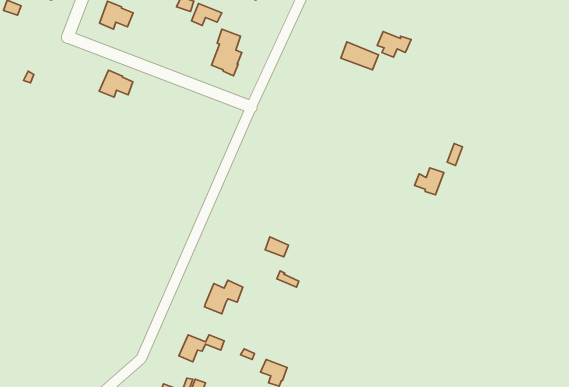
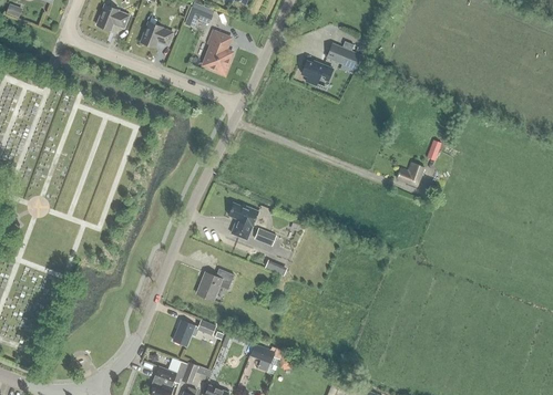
building: [377,31,411,57] -> [300,60,332,84]
building: [99,70,133,97] -> [140,21,172,46]
building: none -> [227,201,258,239]

